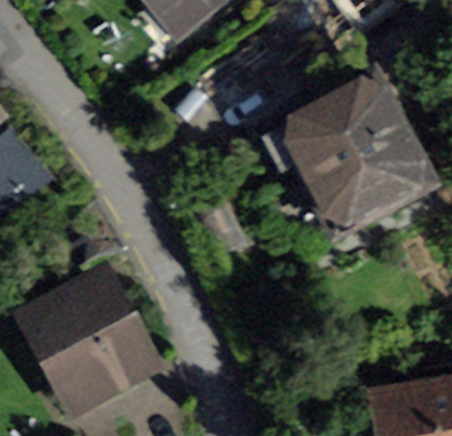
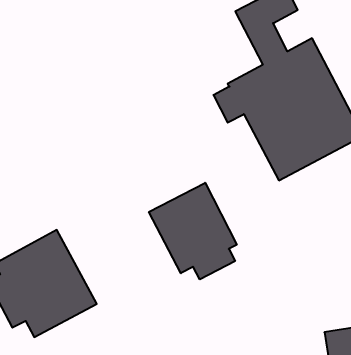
building: none -> [149,183,237,279]

